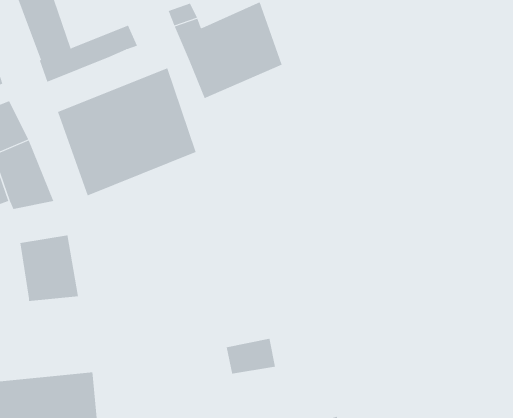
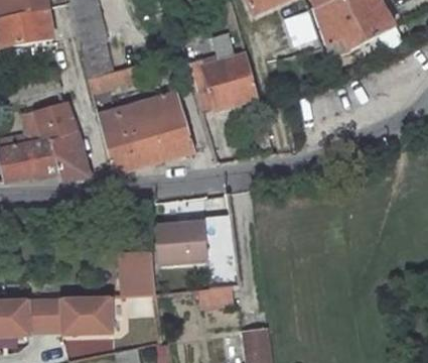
building: [20,235,79,302] -> [117,251,154,294]
building: none -> [155,220,206,262]

